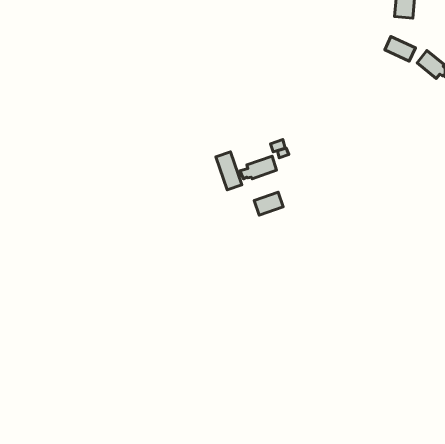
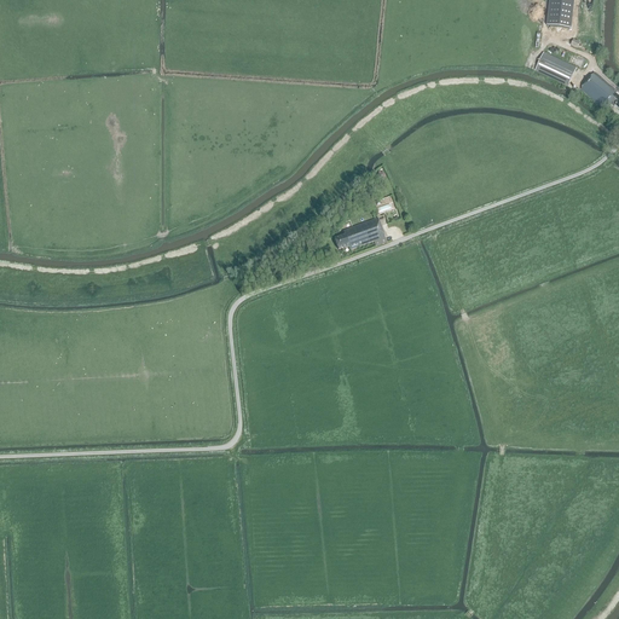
building: [216,152,242,190] -> none
building: [254,192,283,215] -> none

